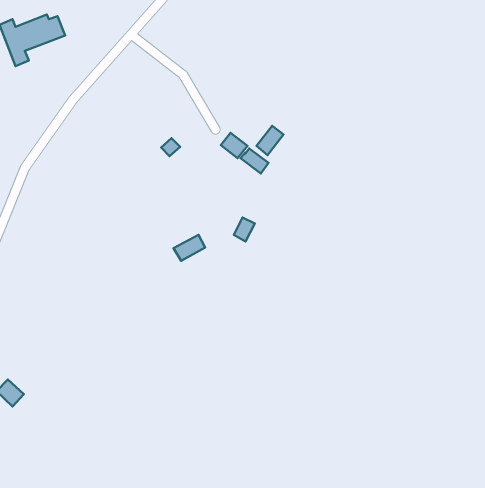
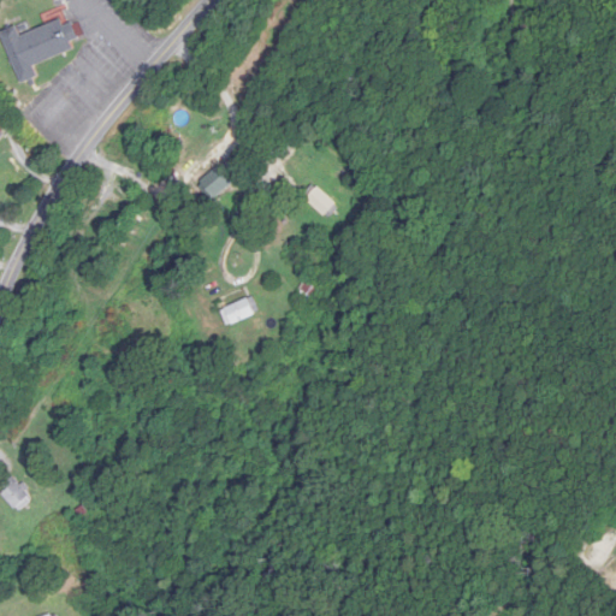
building: [257,126,283,155] -> none
building: [221,133,248,158] -> none

